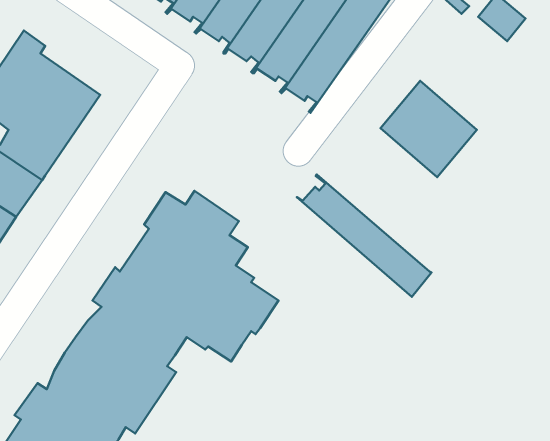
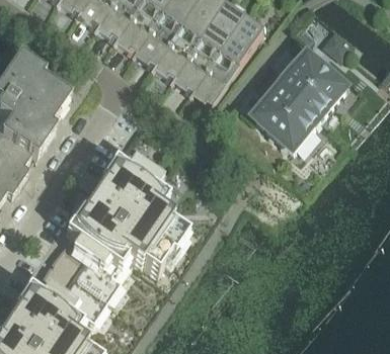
building: none -> [282,57,345,120]
building: [297,175,431,297] -> none

